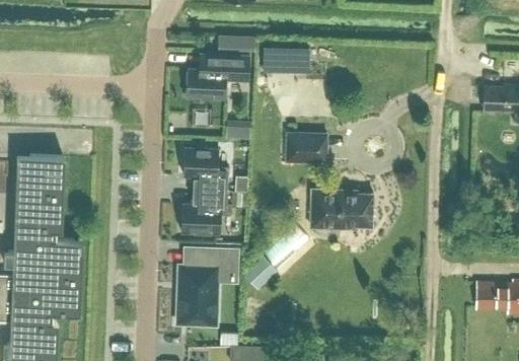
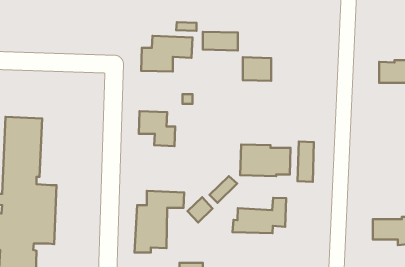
building: [287,134,322,163] -> [243,57,271,81]
building: none -> [298,141,314,182]
building: [181,192,231,234] -> none
building: none -> [232,198,286,233]

